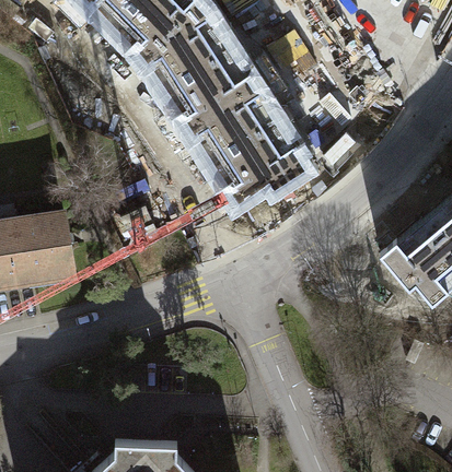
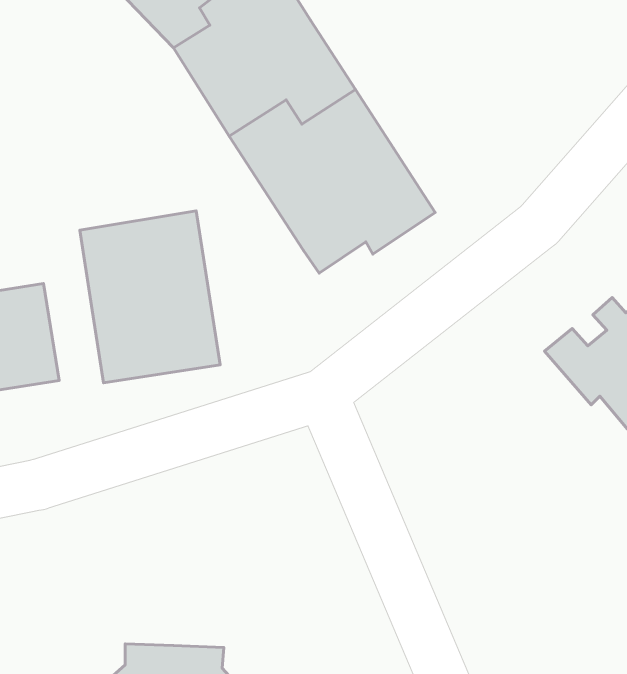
building: none -> [80,211,220,383]

